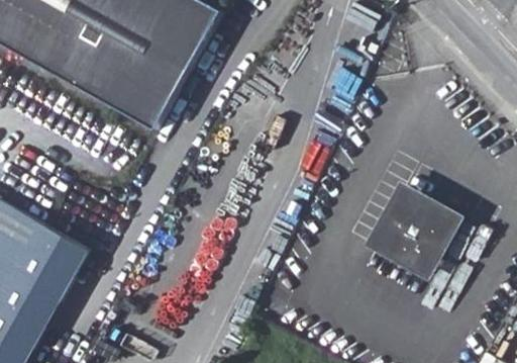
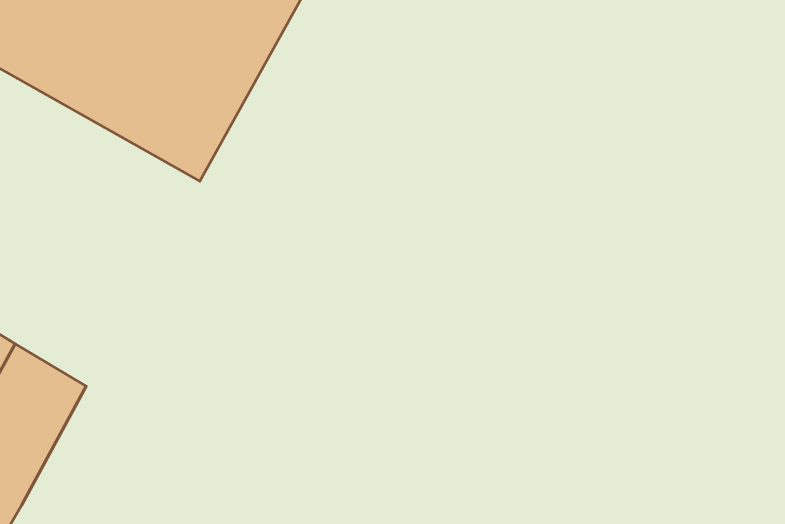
building: [361,180,461,280] -> none

